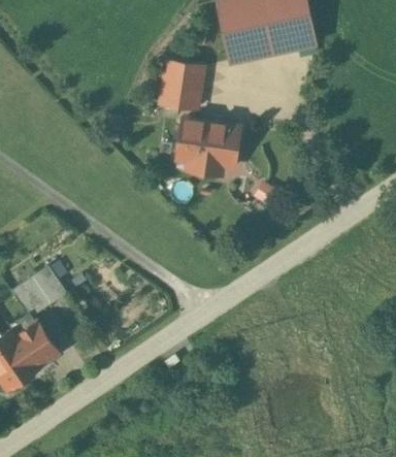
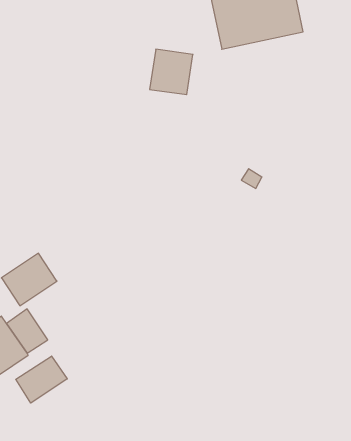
building: [178,120,240,174] -> none
building: none -> [16,356,67,403]

